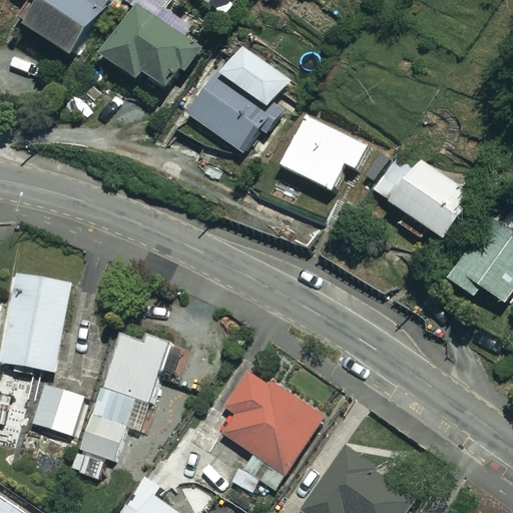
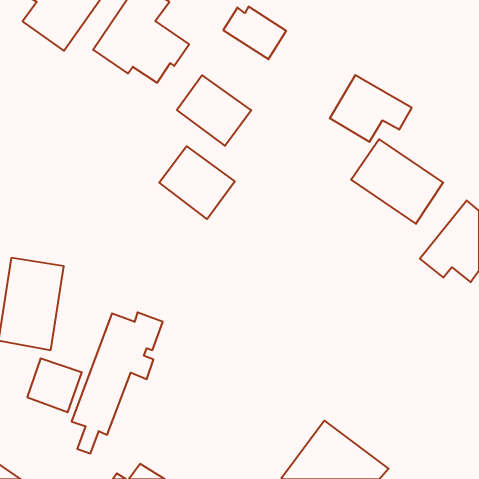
building: [224,51,292,107] -> [223,7,286,59]
building: [284,113,371,184] -> [330,75,412,142]
building: none -> [159,146,235,219]
building: [219,367,322,491] -> none

